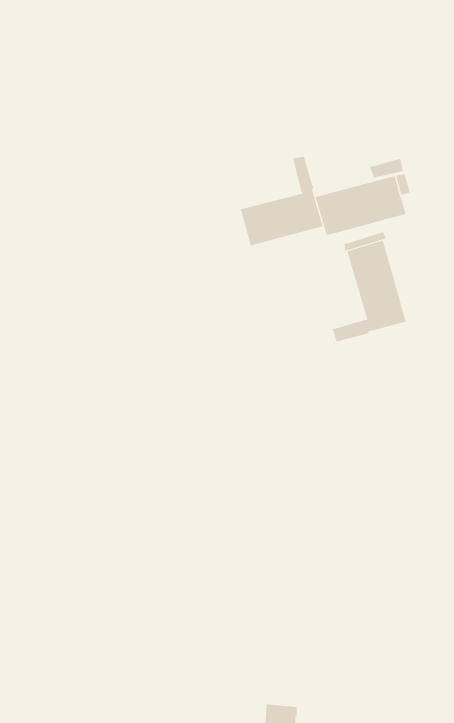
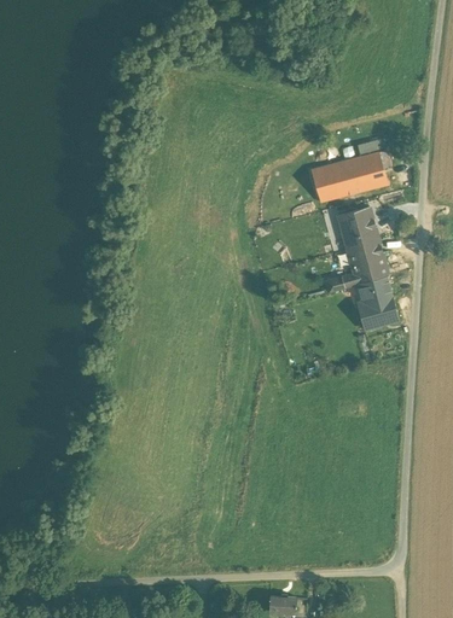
building: [240,156,323,246] -> none
building: none -> [356,276,399,331]

